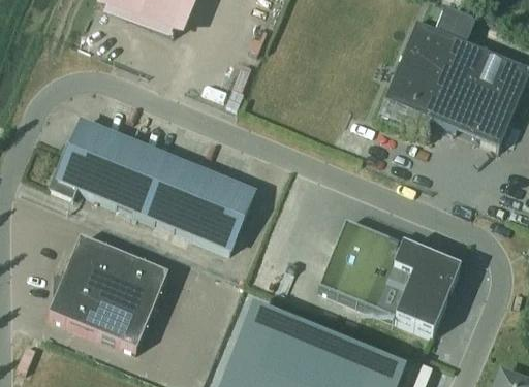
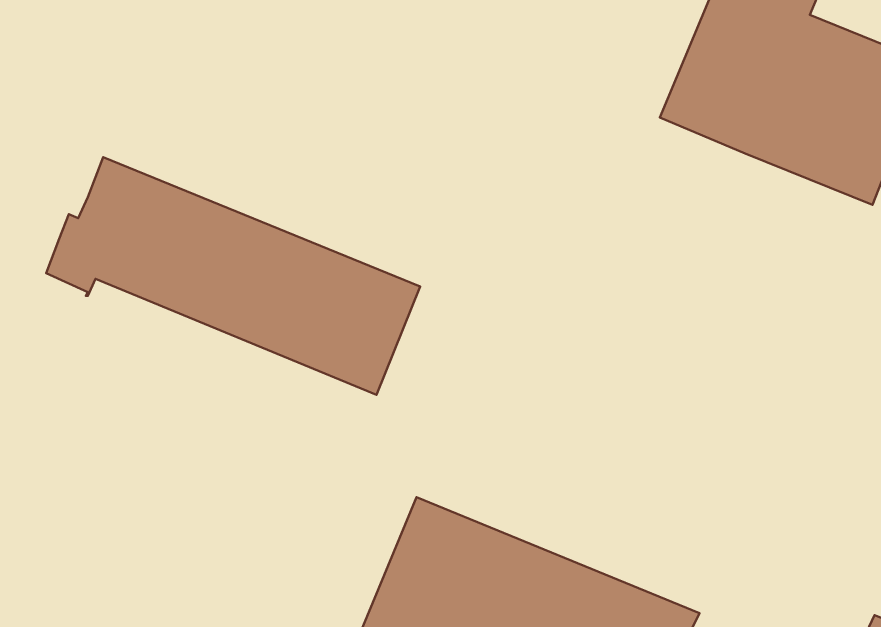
building: [319,219,461,331] -> none
building: [50,234,169,347] -> none

